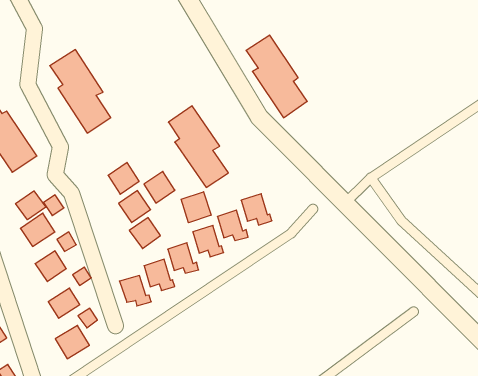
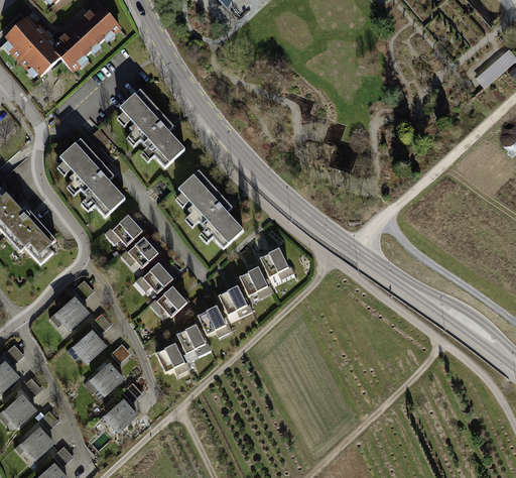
building: [246,35,307,118] -> [122,91,187,167]
building: [144,171,175,203] -> [114,214,144,245]
building: [16,191,46,220] -> none
building: [181,192,211,223] -> none

